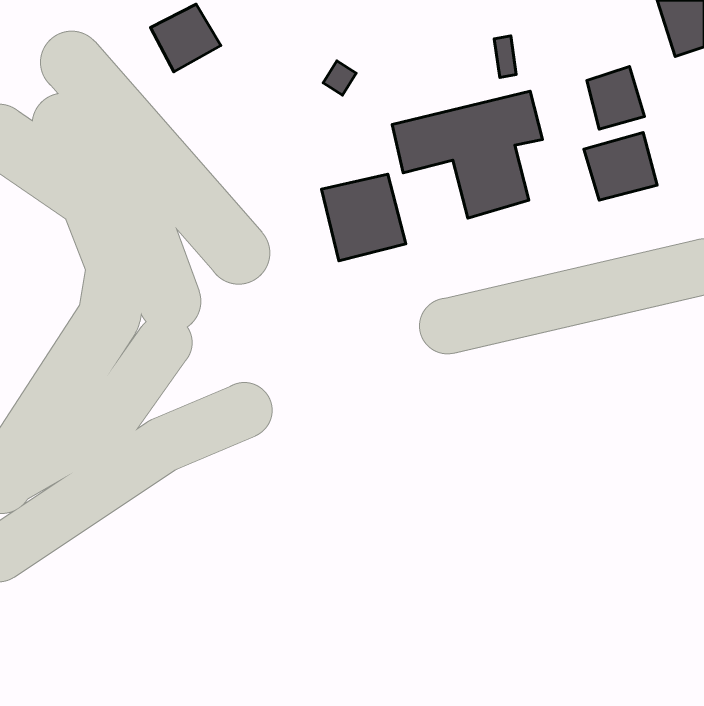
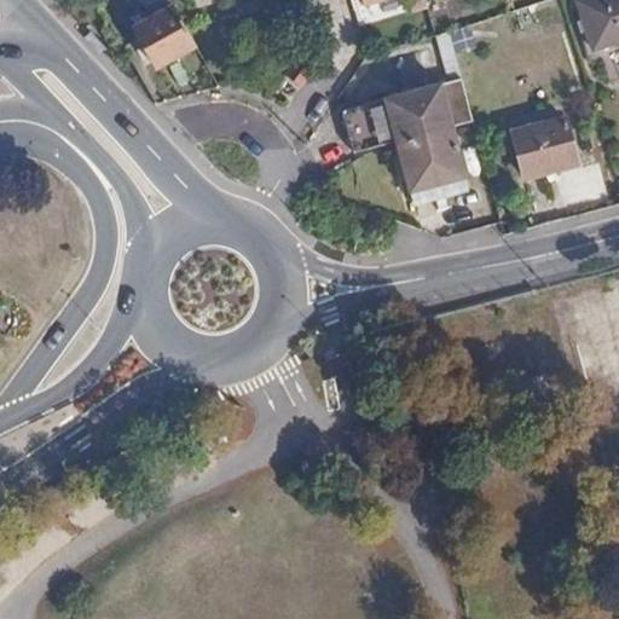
building: [587,67,645,129] -> none
building: [321,174,406,261] -> none

